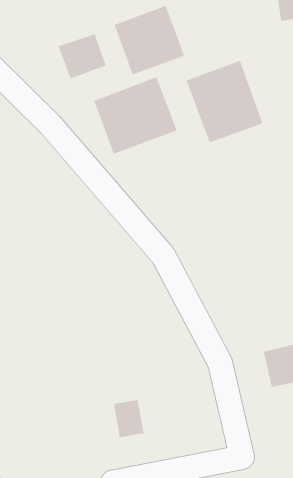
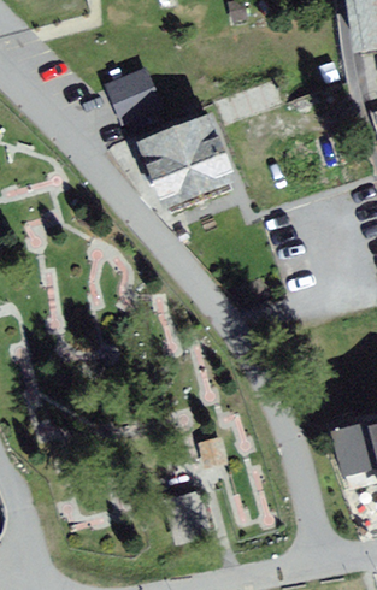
building: [114,5,185,75] -> none
building: [185,60,264,143] -> none

